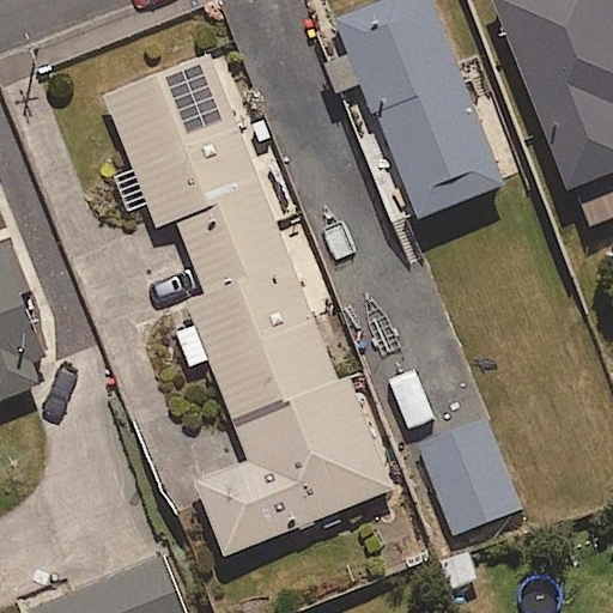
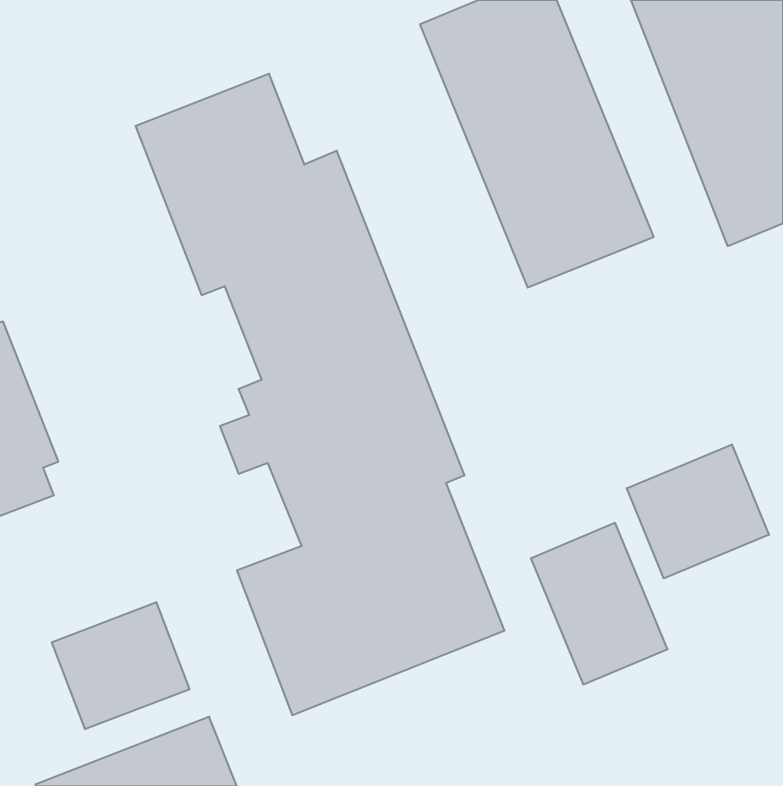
building: none -> [627,444,769,578]
building: none -> [52,602,189,729]

